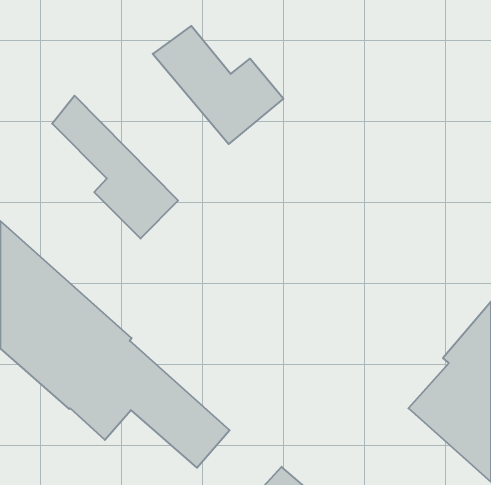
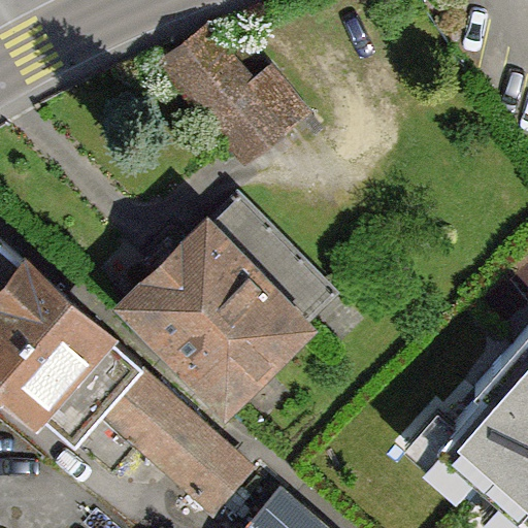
building: [52,96,178,239] -> none
building: none -> [127,197,322,403]

